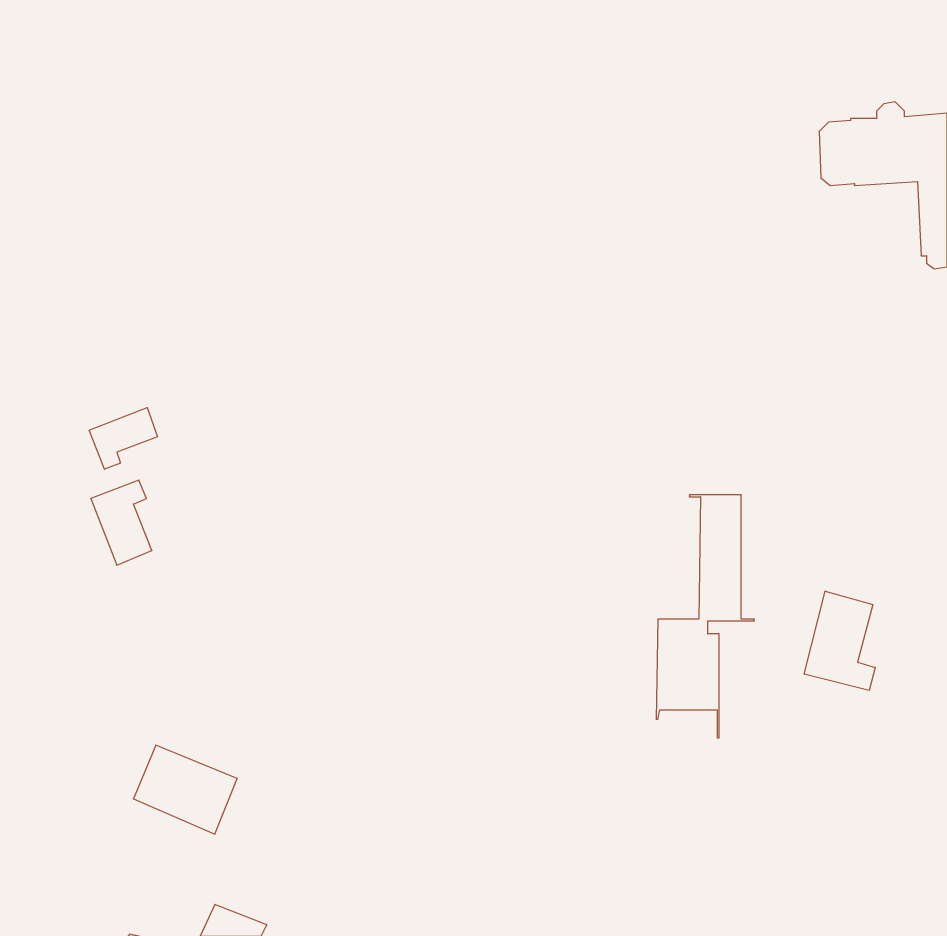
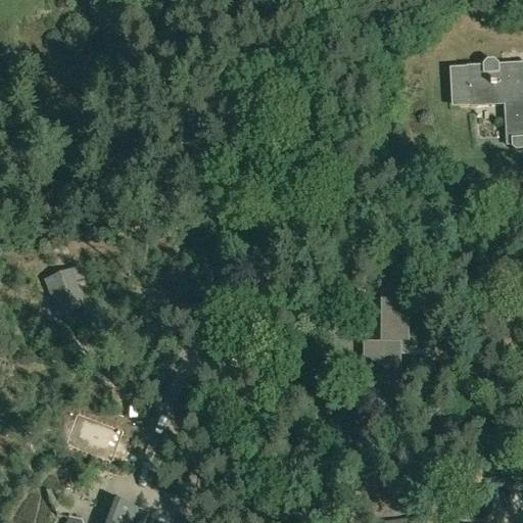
building: [89,408,158,469] -> none
building: [804,591,875,690] -> none

